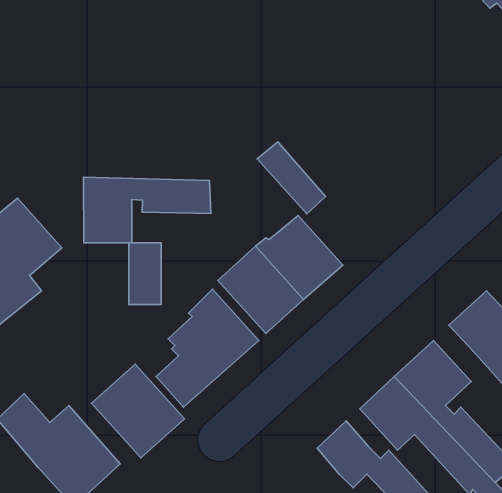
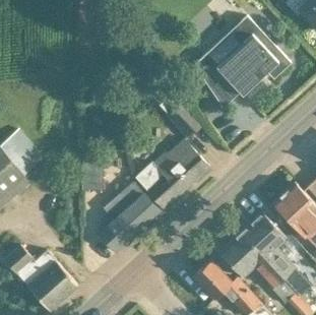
building: none -> [194,15,291,107]
building: [84,177,211,243] -> none
building: [91,364,184,458] -> none

